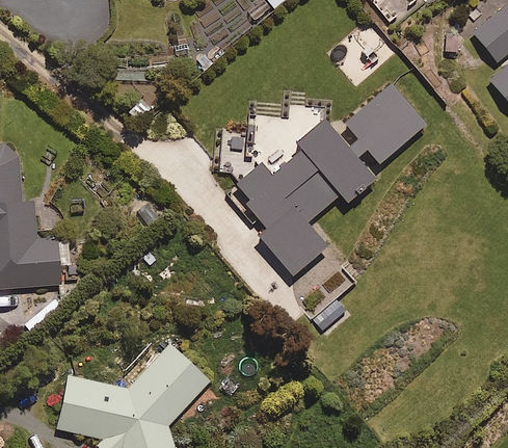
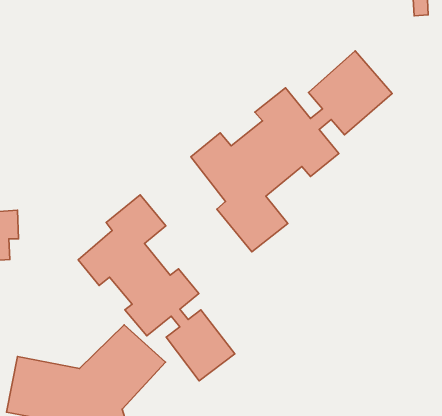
building: none -> [78,195,235,381]

